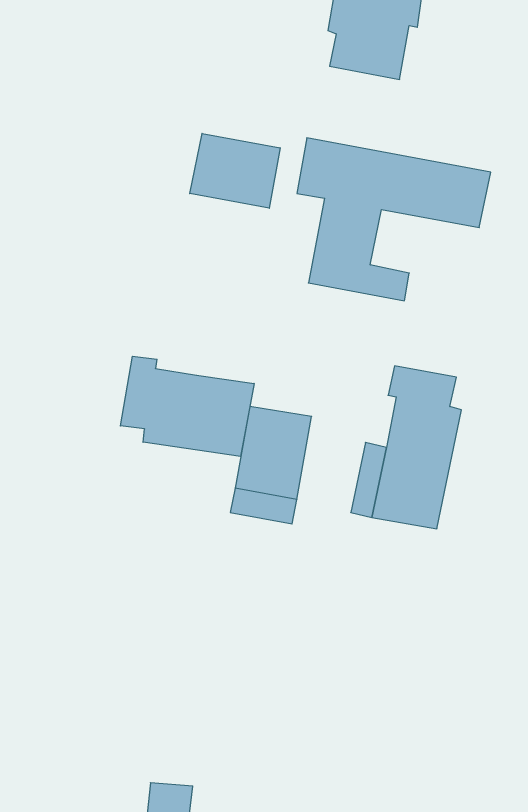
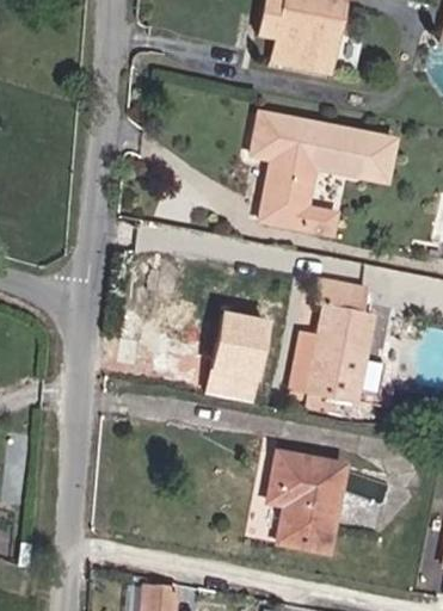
building: [190,133,280,208] -> none
building: [120,356,254,457] -> none
building: none -> [272,453,344,551]

